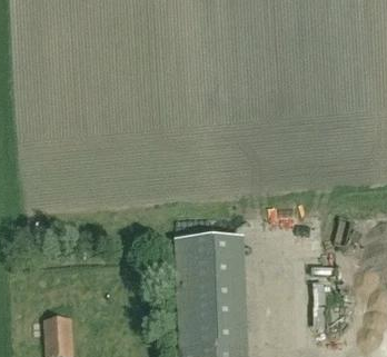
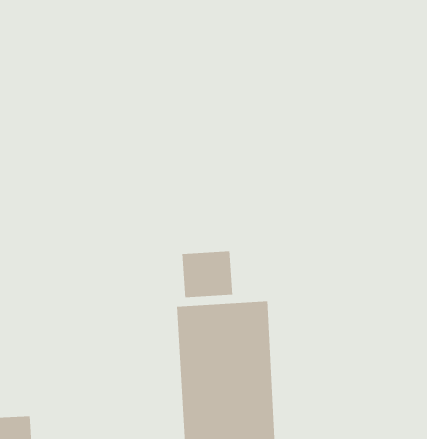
building: none -> [182,251,233,298]

